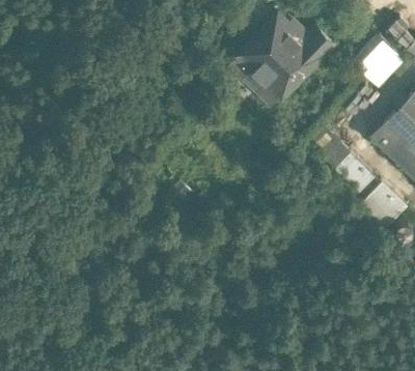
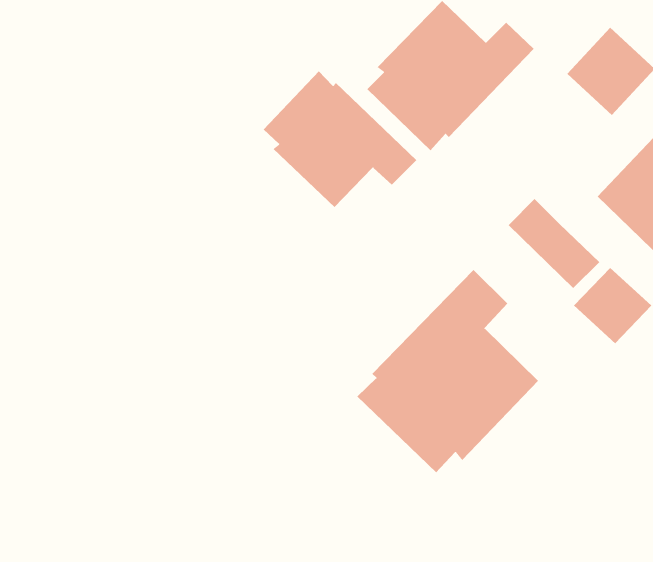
building: none -> [263,71,417,208]
building: none -> [357,269,539,473]

